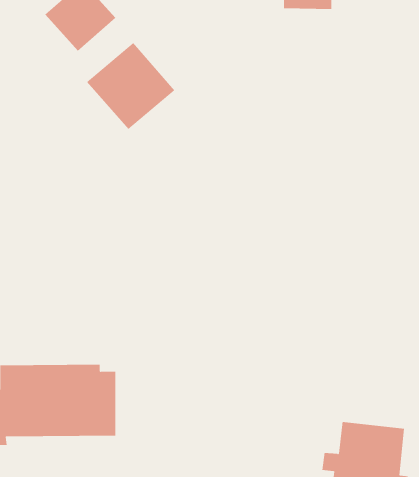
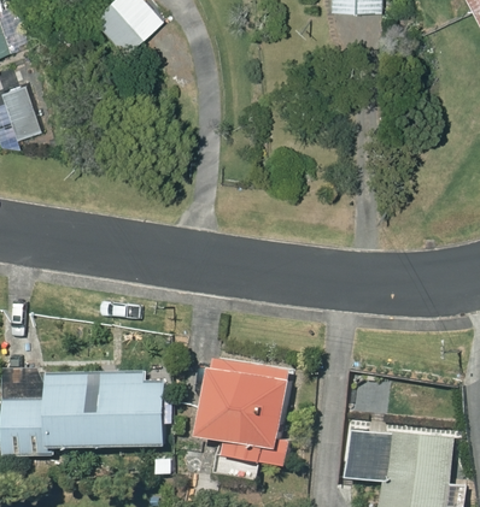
building: [86,42,175,130] -> none
building: none -> [197,364,291,464]

